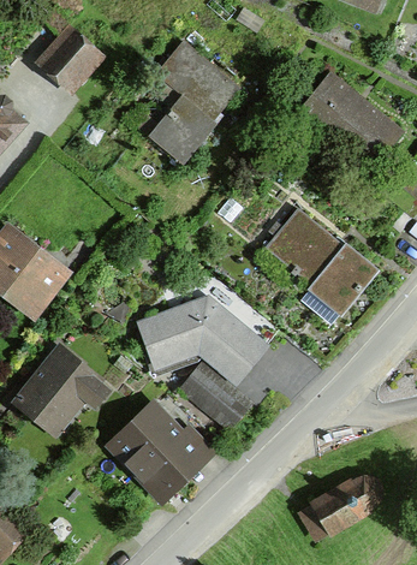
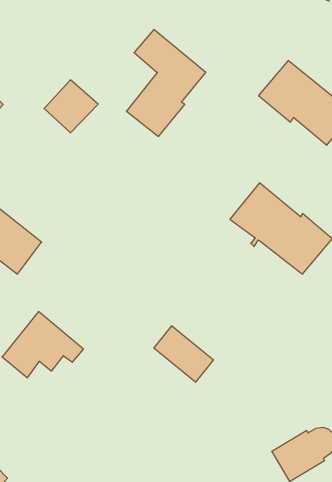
building: [41,31,100,89] -> [44,80,98,133]
building: [139,301,266,382] -> none
building: [111,405,205,496] -> none

